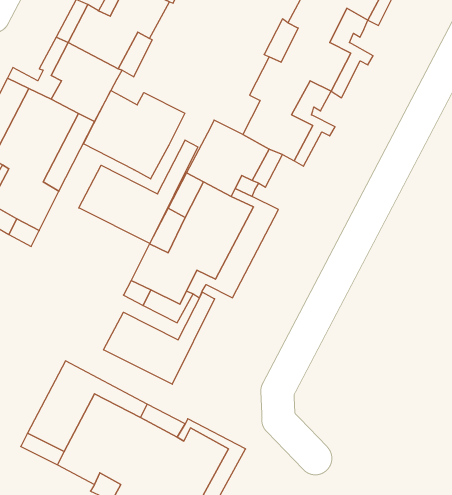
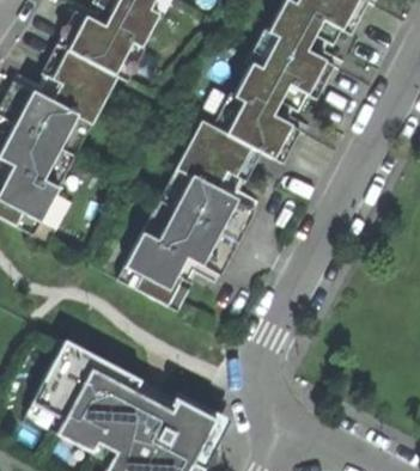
building: [83,91,185,179] -> none
building: [79,140,198,243] -> none
building: [104,292,215,384] -> none

